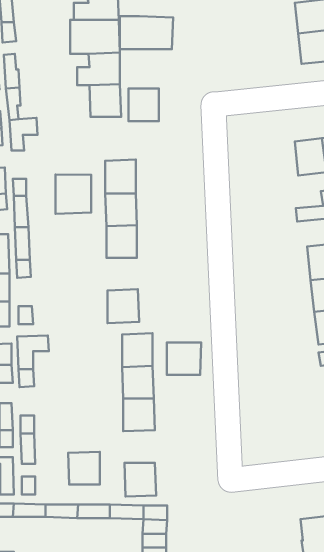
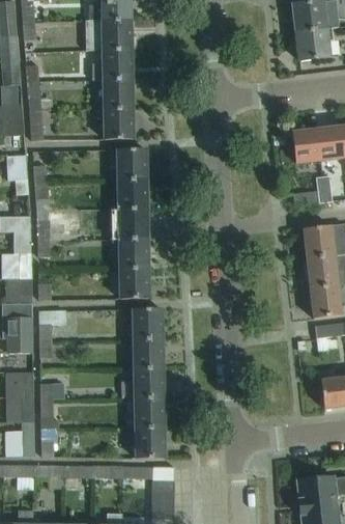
building: [120,16,173,49] -> none
building: [128,88,159,121] -> [105,108,133,138]
building: [56,175,91,214] -> none
building: none -> [119,238,148,268]
building: [167,343,201,375] -> none
building: [68,452,100,484] -> [135,396,164,426]

